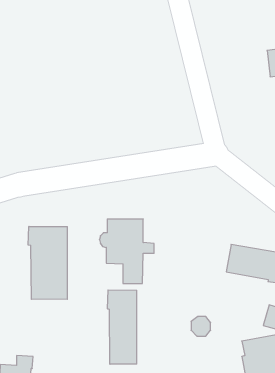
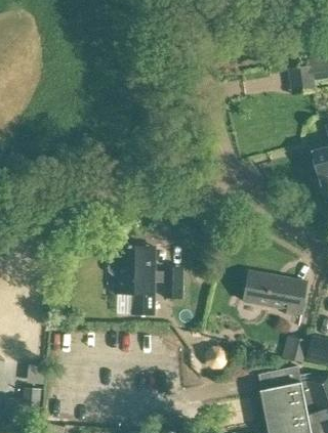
building: [28,226,67,299] -> none
building: [108,290,137,364] -> none

